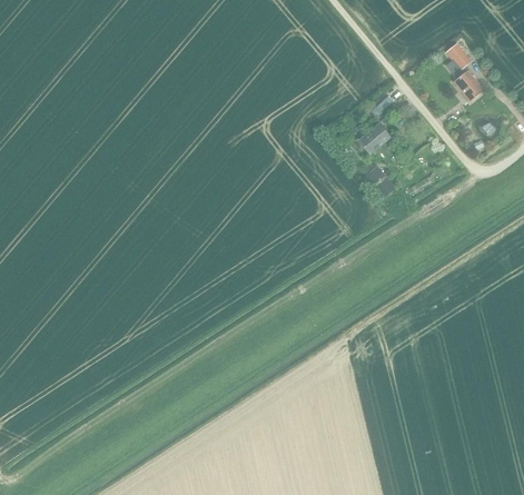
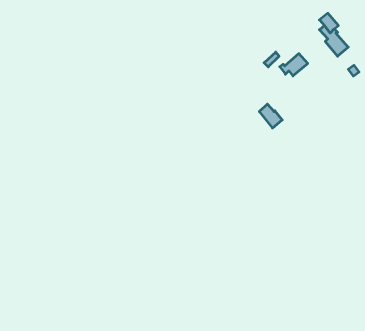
building: [354,122,392,152] -> [280,54,308,76]

